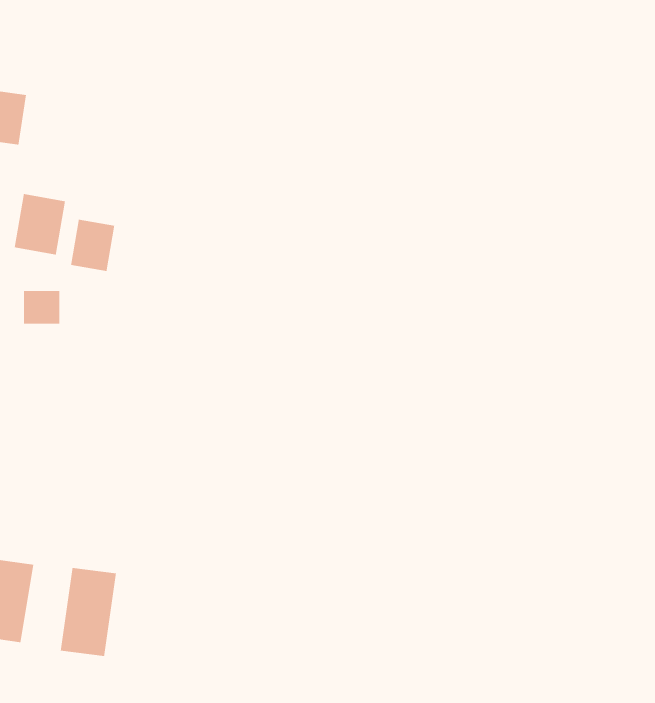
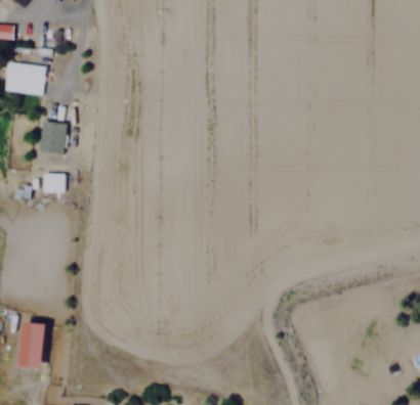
building: [70,219,115,272] -> none
building: [60,567,116,657] -> none

